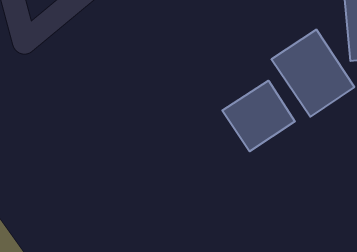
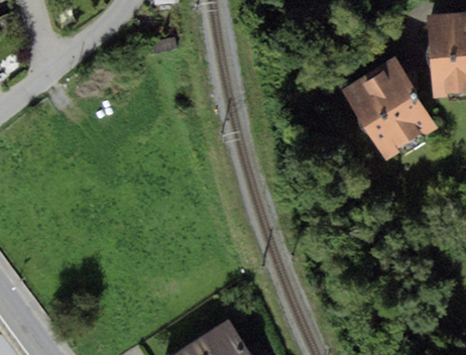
building: [222,81,295,151] -> none

